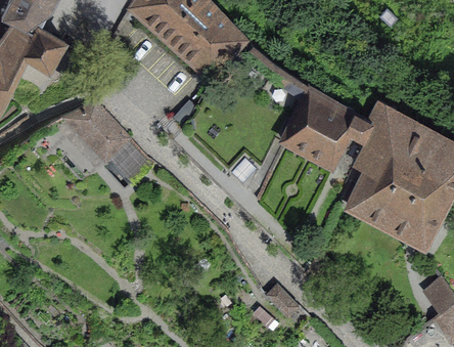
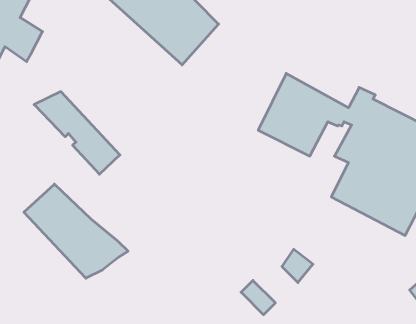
building: none -> [24,184,128,278]

